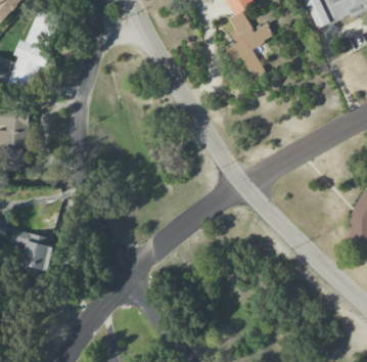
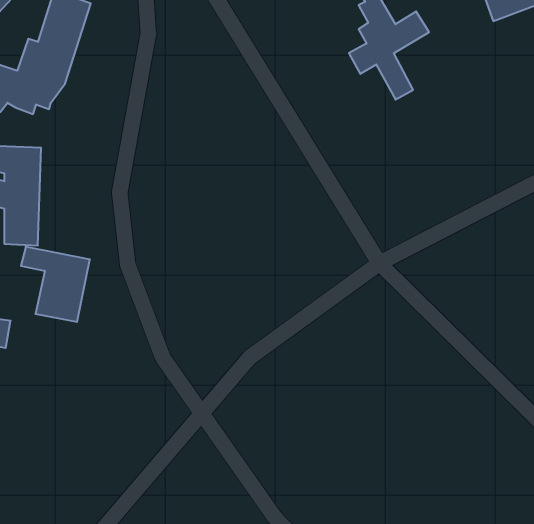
building: [9,230,53,278] -> [21,247,90,322]

